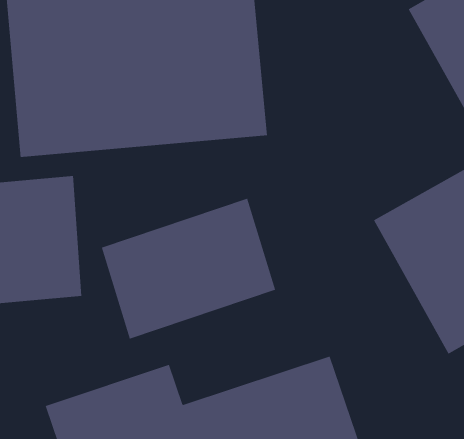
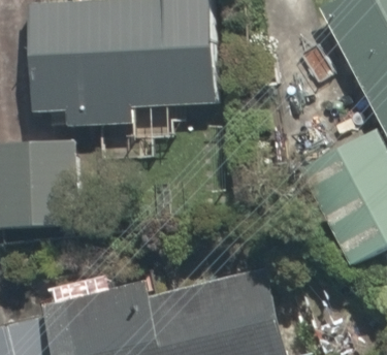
building: [101,198,276,340] -> none

